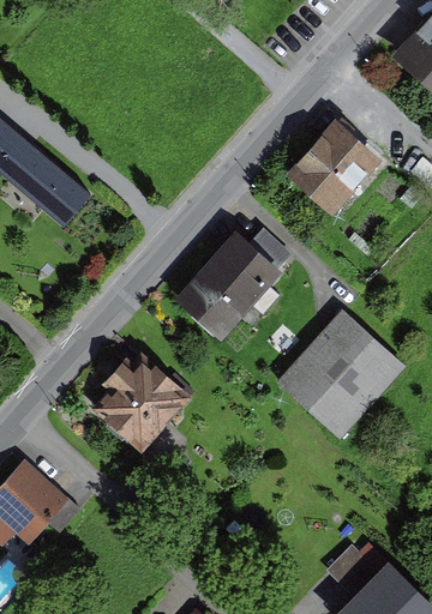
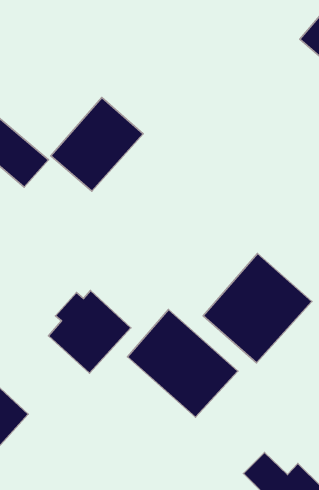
building: [286,116,384,216] -> none
building: [174,228,284,339] -> [51,98,143,191]
building: none -> [127,310,238,417]

